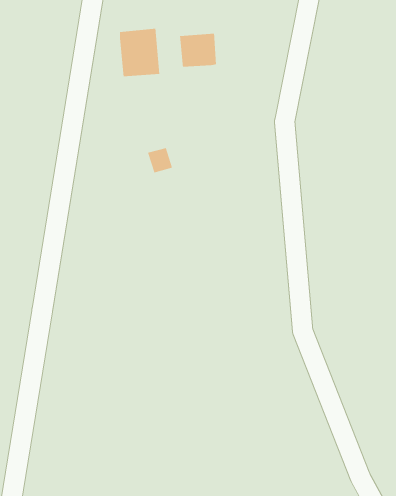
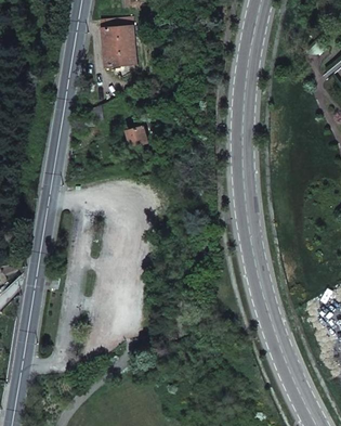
building: [179,33,217,68] -> none

